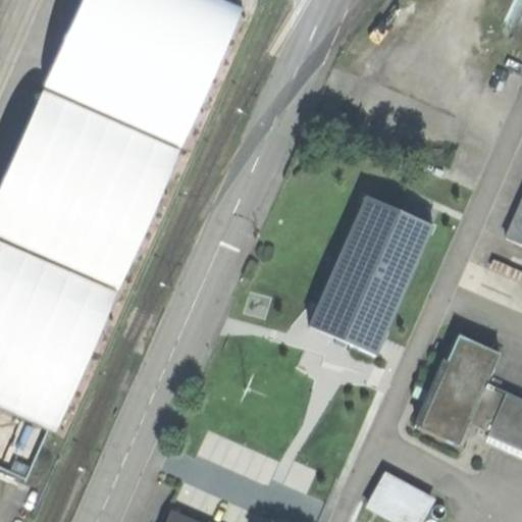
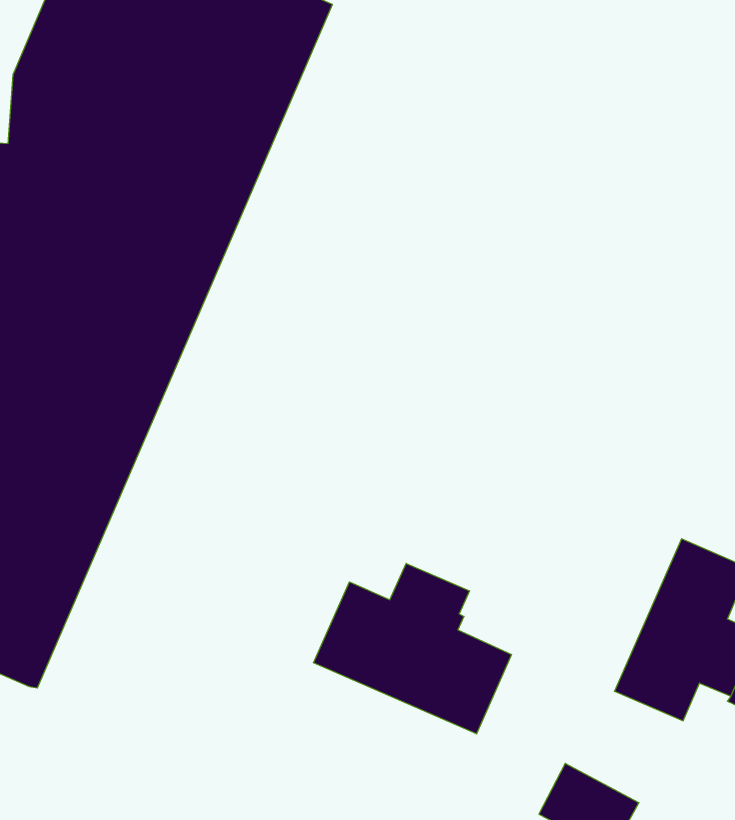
building: [310,196,433,352] -> none
building: none -> [313,563,511,734]

